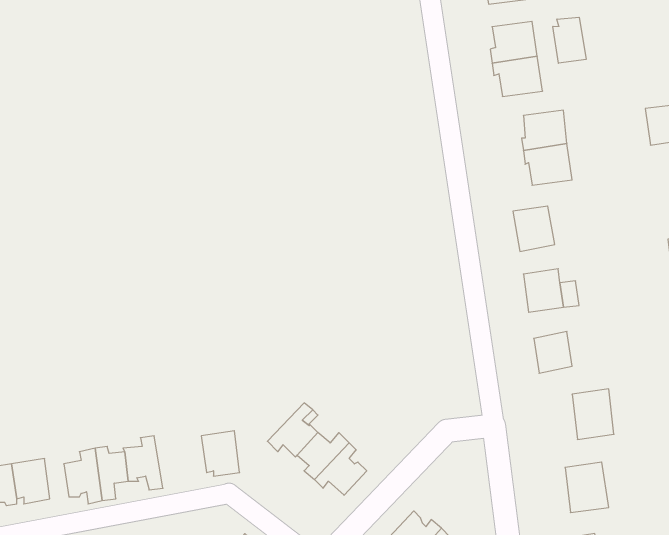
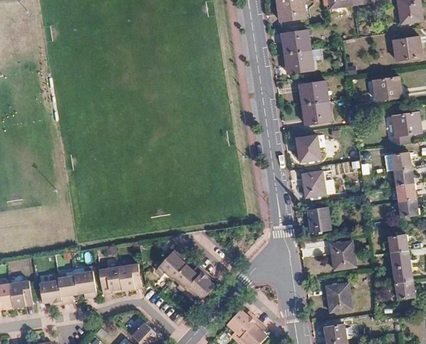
building: [553,17,586,63] -> none
building: none -> [97,267,121,294]

